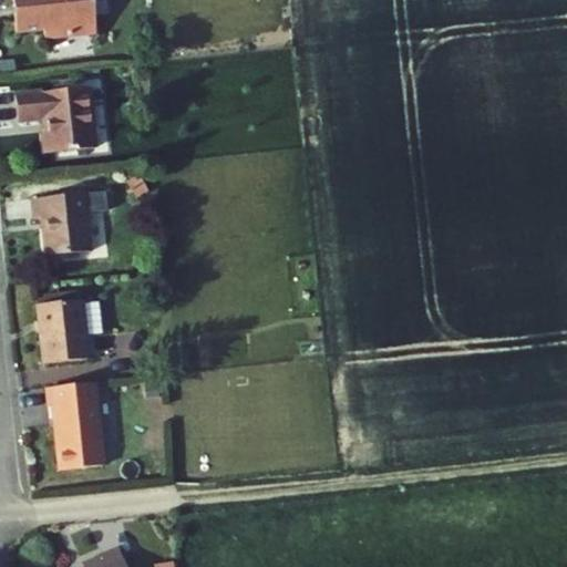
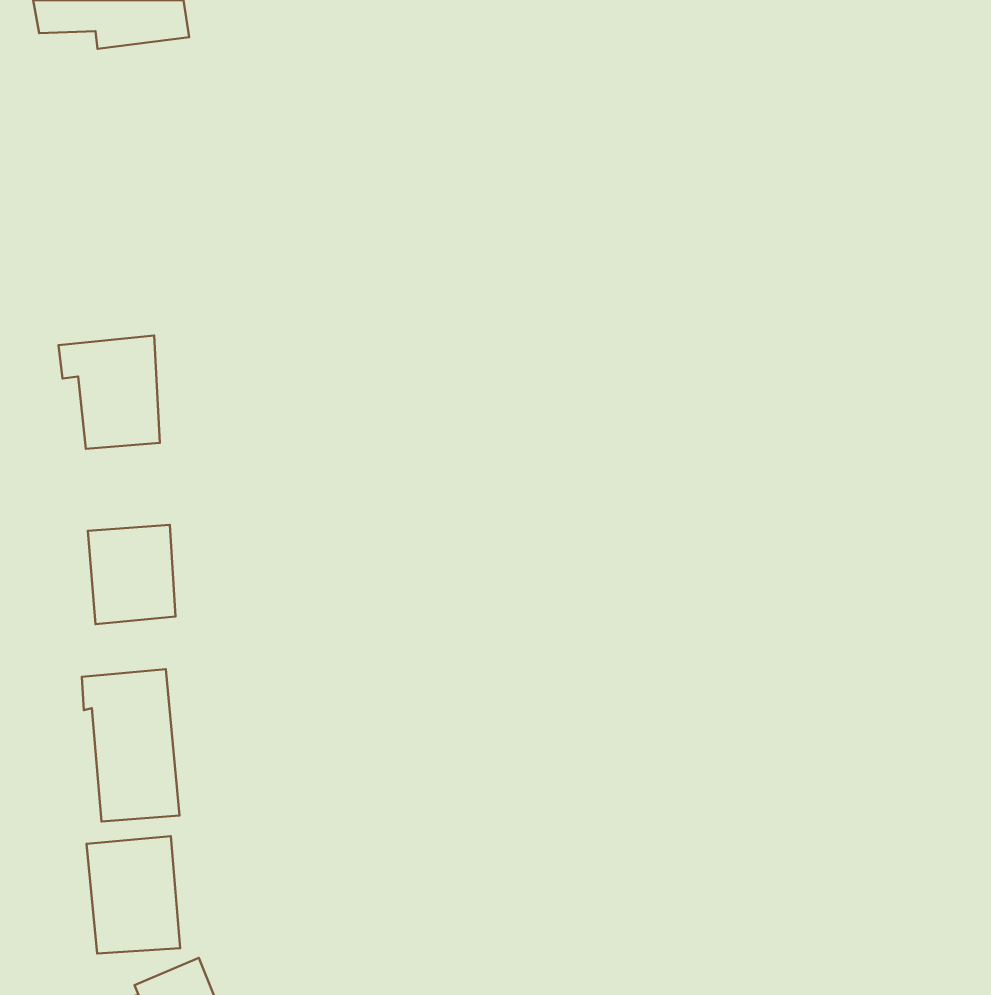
building: [17,84,96,152] -> none
building: none -> [86,836,180,953]

